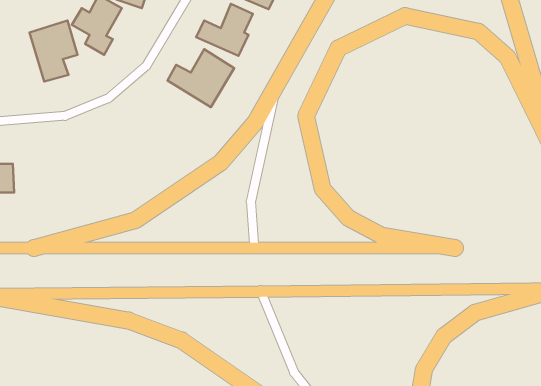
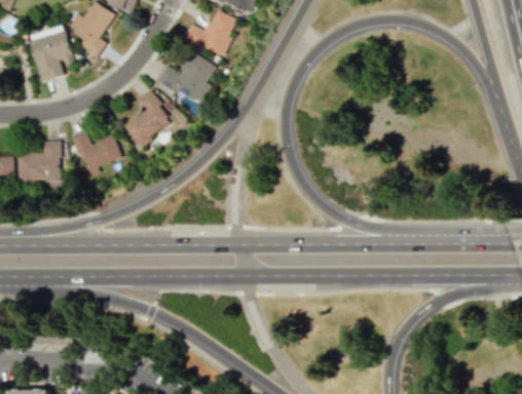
building: none -> [122,90,169,147]
building: none -> [71,130,120,176]
building: none -> [16,142,59,182]

